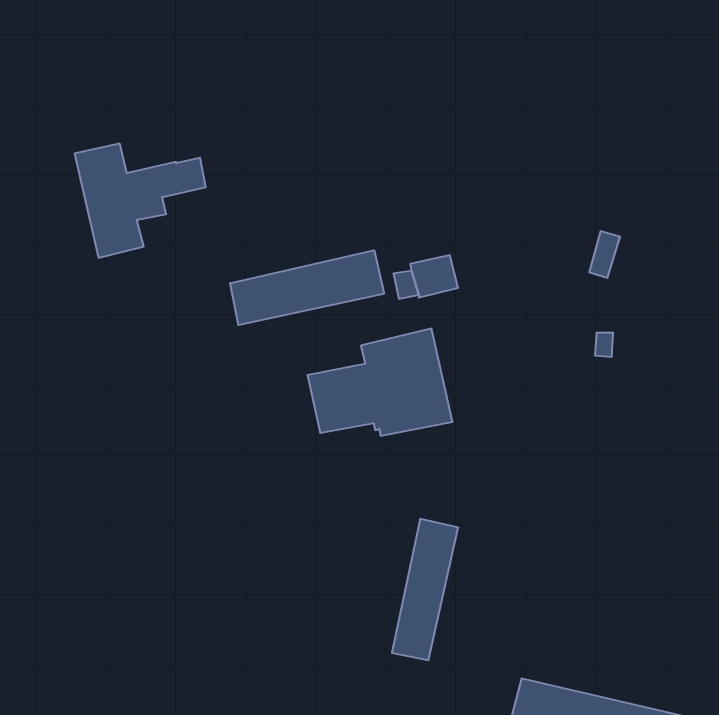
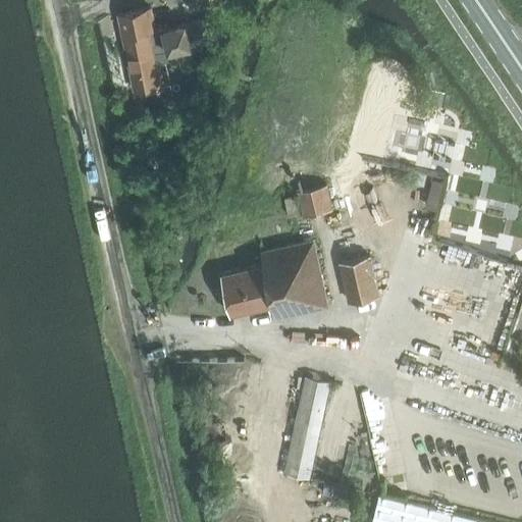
building: [75,144,206,258] -> [111,13,206,96]
building: [230,250,384,325] -> none
building: none -> [338,260,378,304]

